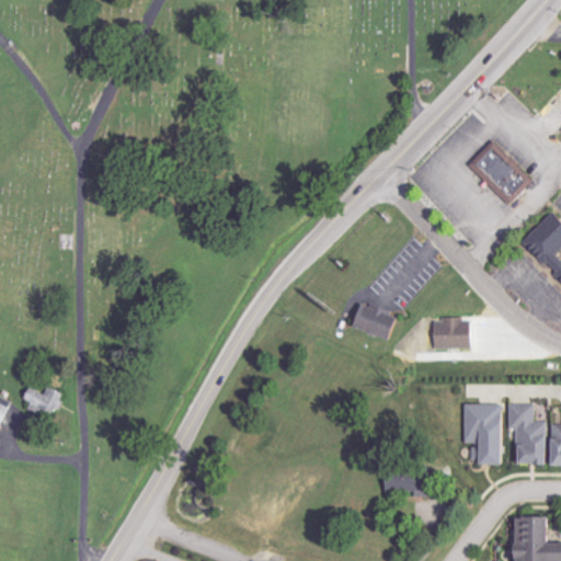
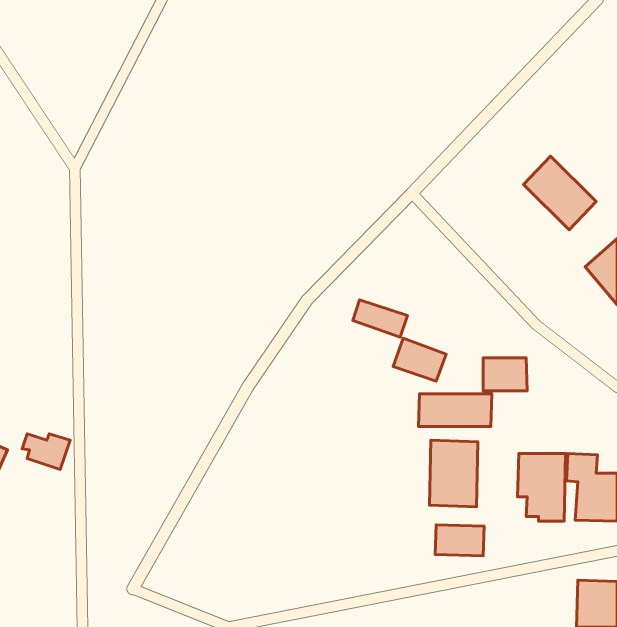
building: none -> [353,300,408,337]
building: none -> [419,394,492,426]
building: none -> [430,440,478,507]

